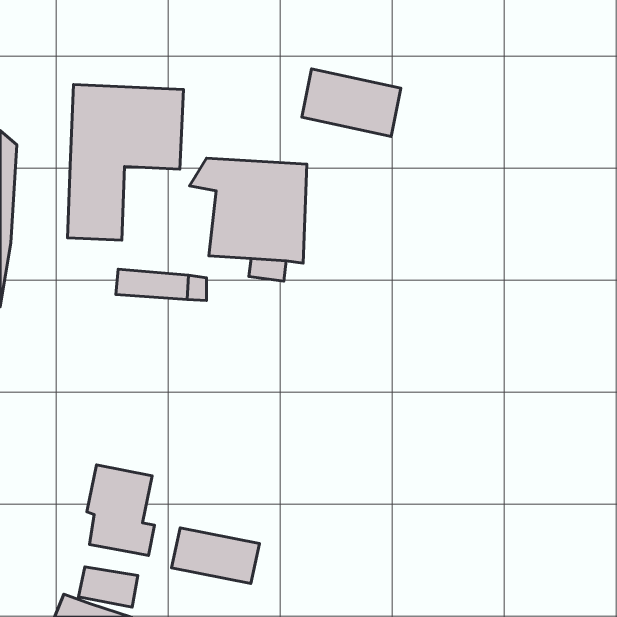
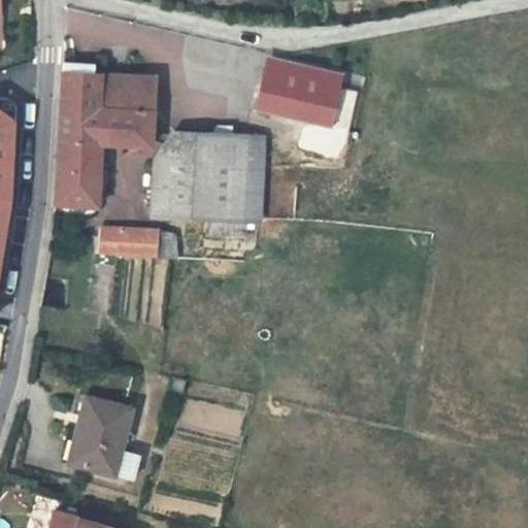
building: none -> [156,159,185,219]
building: [172,528,259,583] -> none
building: [79,567,138,607] -> none

